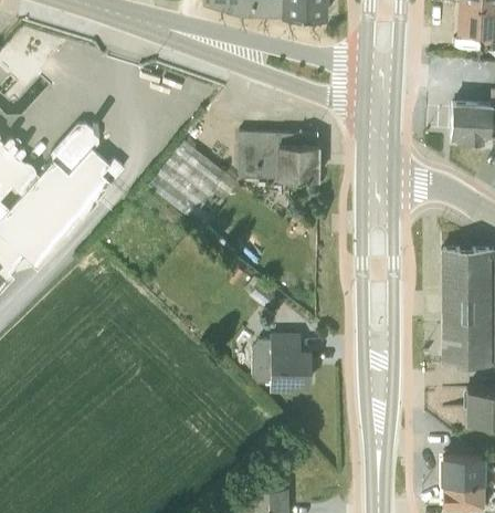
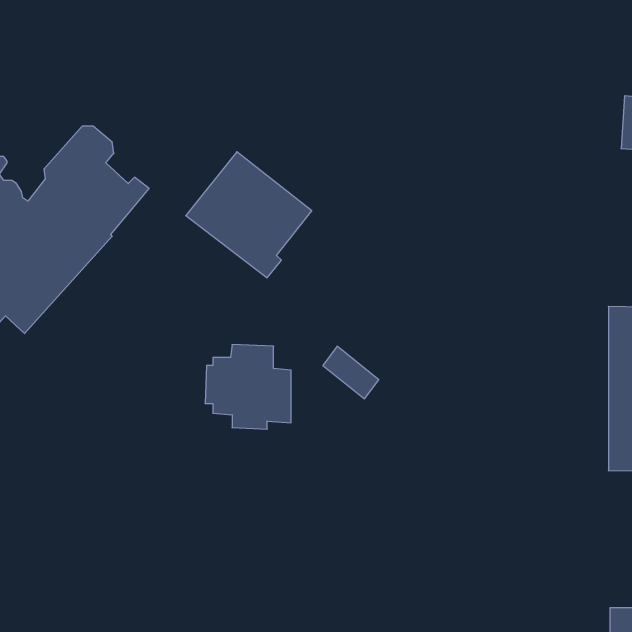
building: [239,132,318,179] -> none
building: [251,333,310,391] -> [205,345,291,429]

